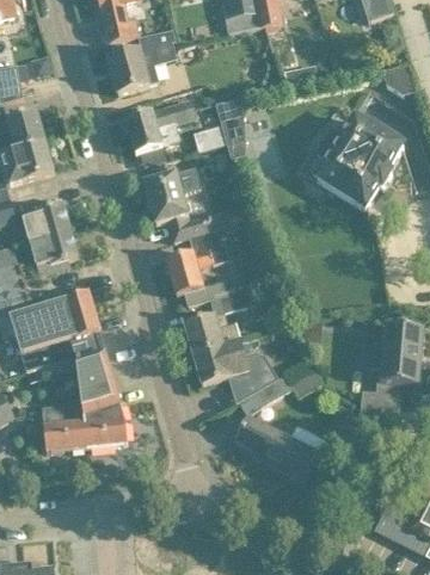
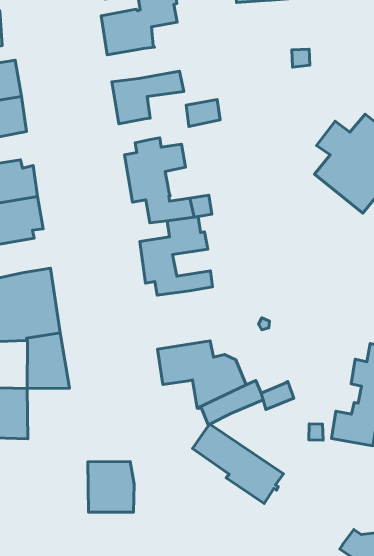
building: [216,97,246,159] -> none
building: [185,288,263,354] -> none
building: [81,398,128,449] -> [88,461,134,512]

